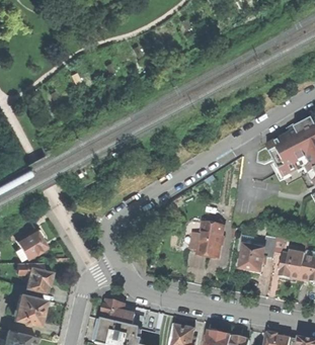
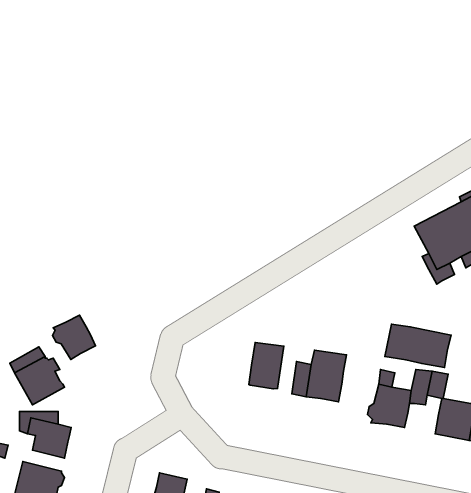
building: none -> [53,315,95,359]
building: none -> [385,324,451,368]
building: none -> [249,342,284,389]

